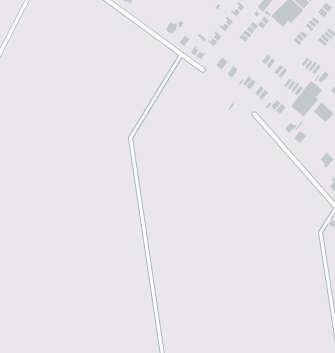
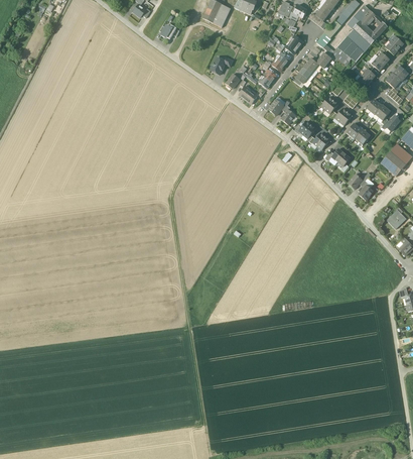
building: [289,80,323,118] -> none

